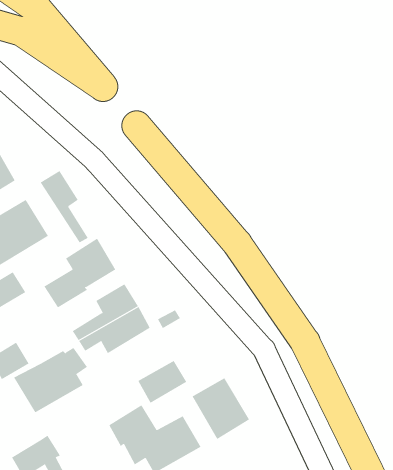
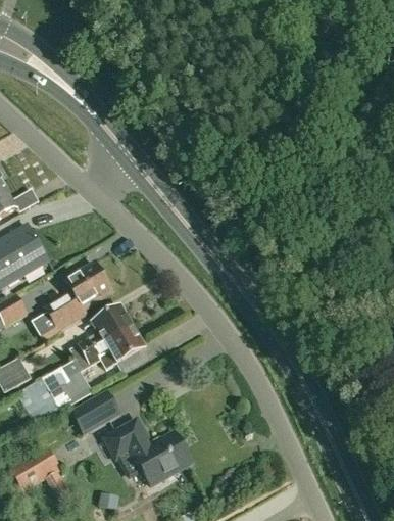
building: [40,170,88,243] -> none
building: [137,360,187,403] -> [71,392,118,433]
building: [192,377,250,440] -> none

